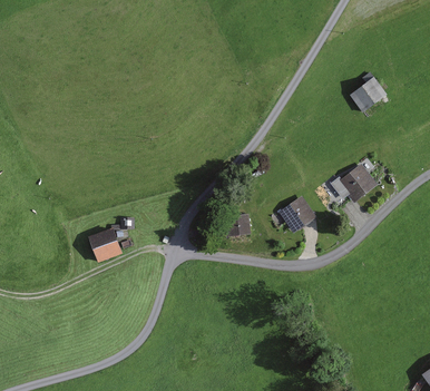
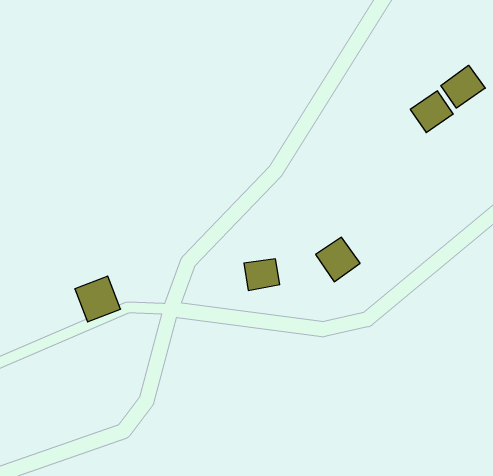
building: none -> [441,65,485,108]
building: [334,163,373,202] -> none

